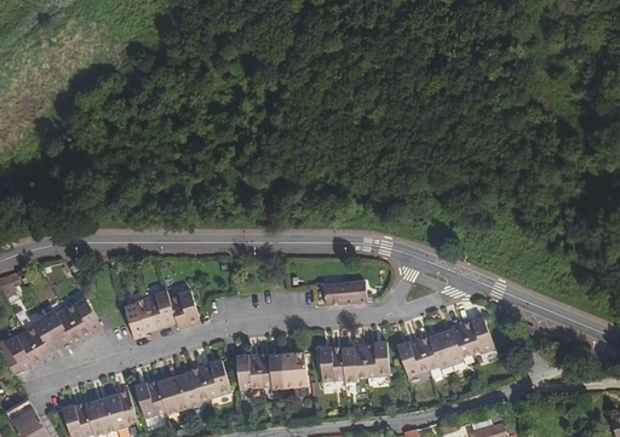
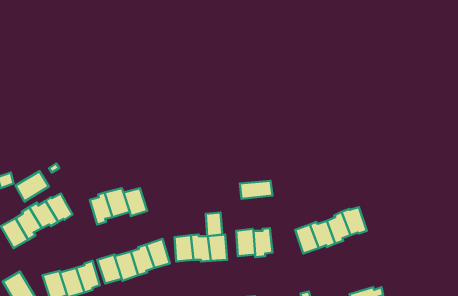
building: none -> [15,171,49,201]
building: none -> [206,212,222,236]
building: [362,341,389,376] -> none

